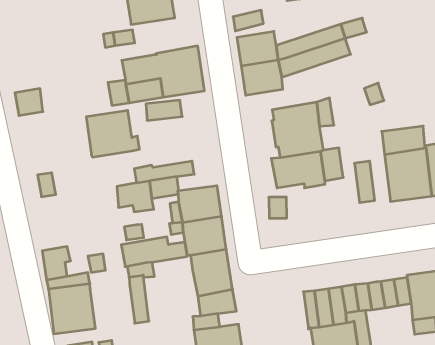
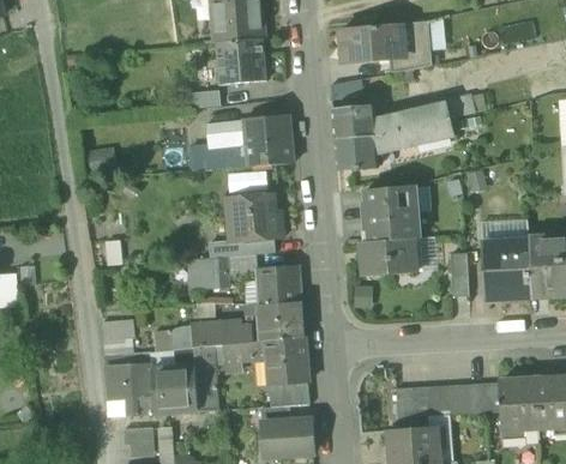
building: [86,110,139,157] -> [227,193,282,241]
building: none -> [222,339,265,370]
building: none -> [152,366,198,411]

